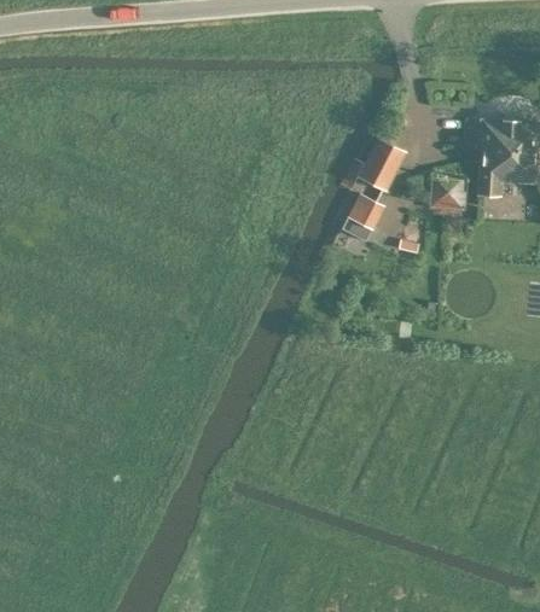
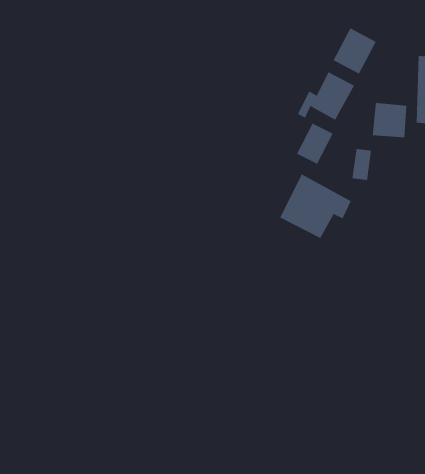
building: none -> [333,27,376,74]
building: none -> [280,173,351,239]

